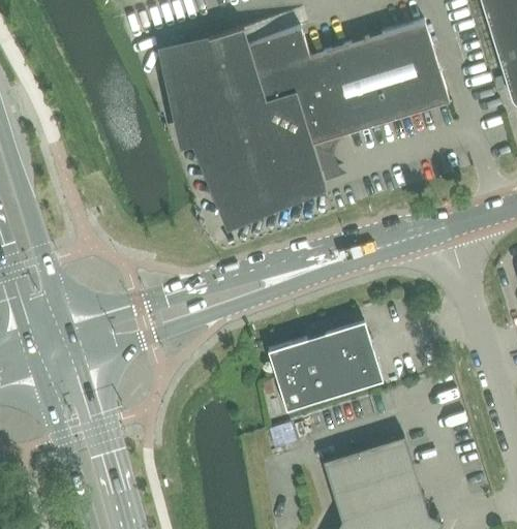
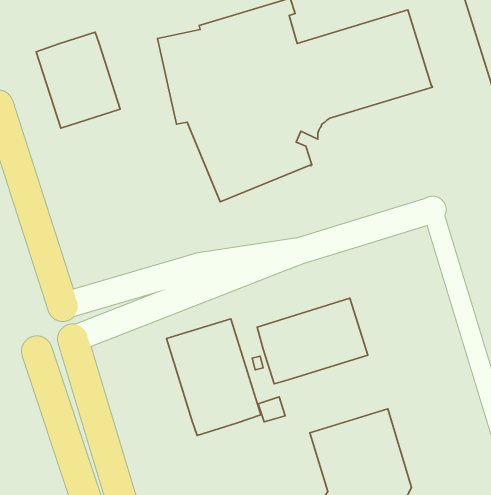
building: none -> [36,32,120,128]
building: none -> [166,319,261,436]

